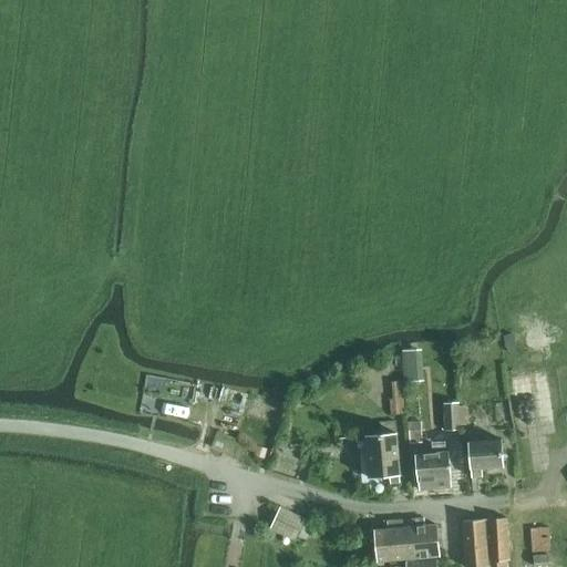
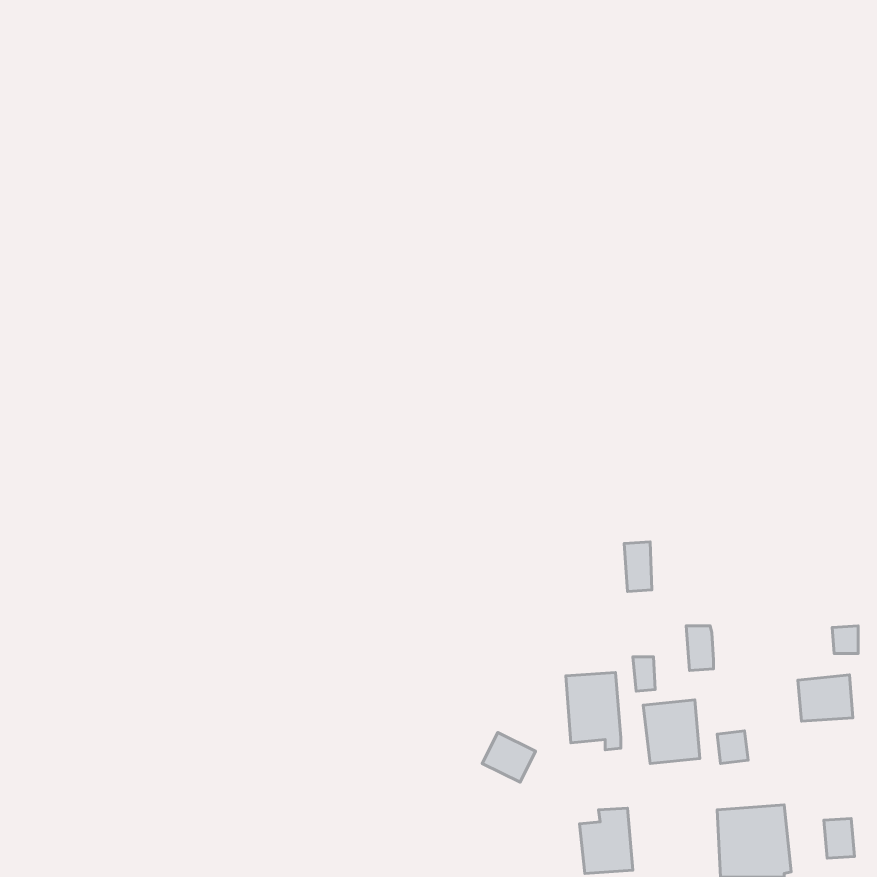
building: [467,440,503,470] -> [798,675,853,721]
building: [269,508,303,540] -> [482,732,536,782]
building: [404,518,440,560] -> none

